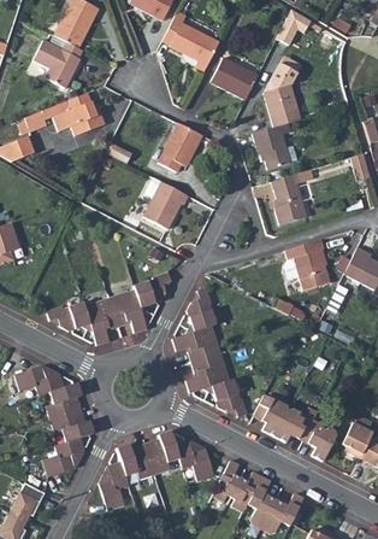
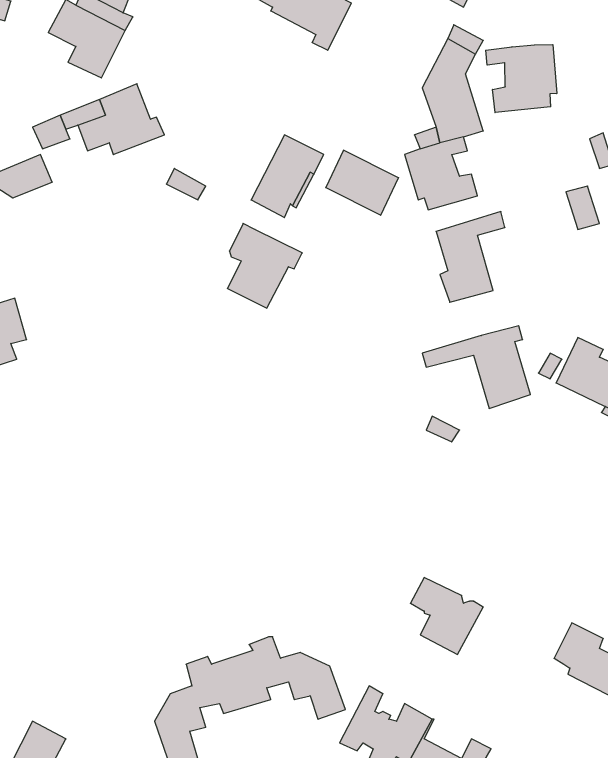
building: [212,59,256,99] -> [326,150,399,215]
building: none -> [486,45,557,113]
building: [46,273,171,345] -> none
building: [173,288,247,416] -> none
building: [16,364,94,478] -> none
building: [284,412,336,462] -> none

